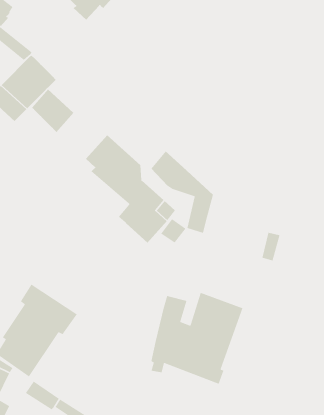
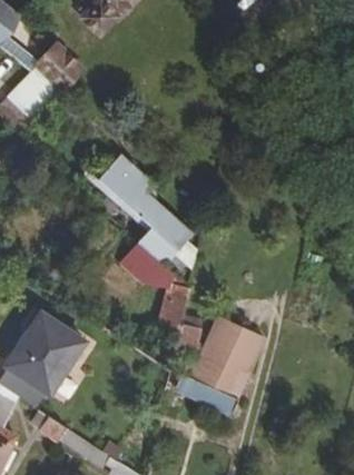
building: [31,88,74,133] -> [37,46,82,92]
building: [151,150,214,234] -> [120,244,187,331]

